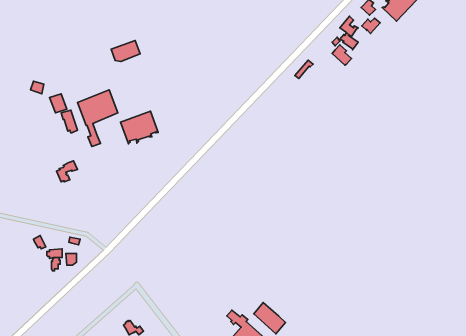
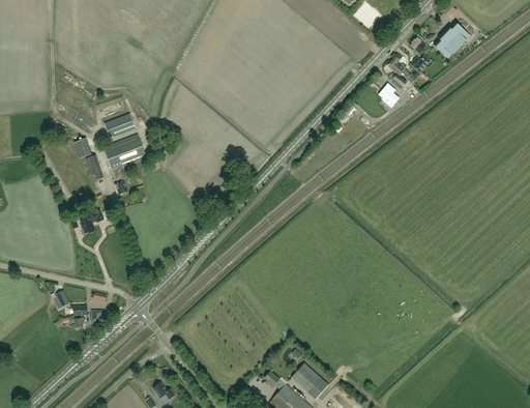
building: [111,40,140,62] -> [104,114,135,137]
building: [120,111,158,144] -> none

